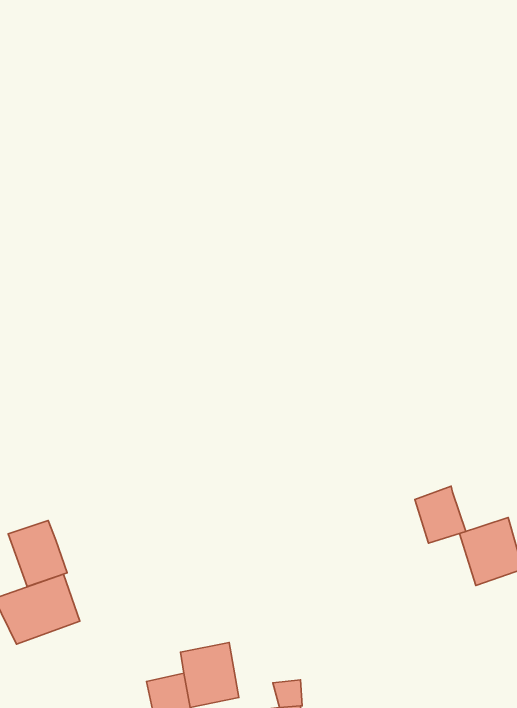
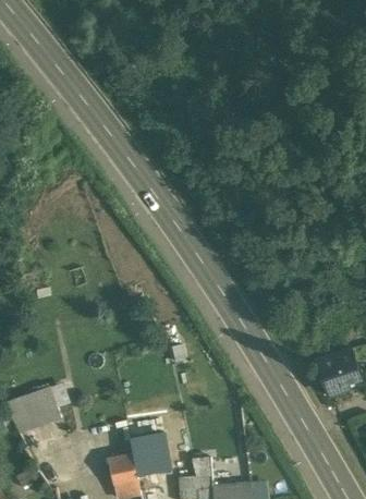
building: [415,486,466,543] -> none
building: [8,520,67,587] -> none

